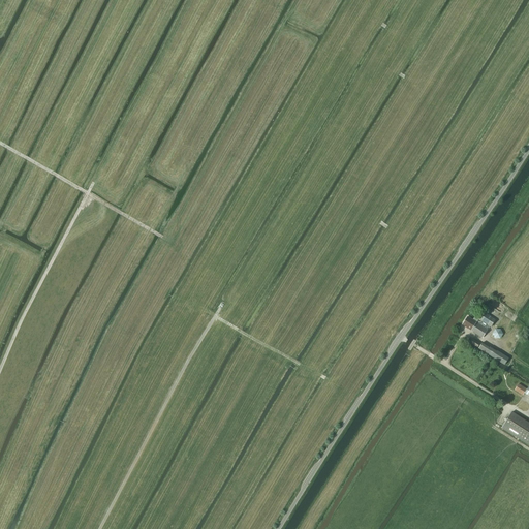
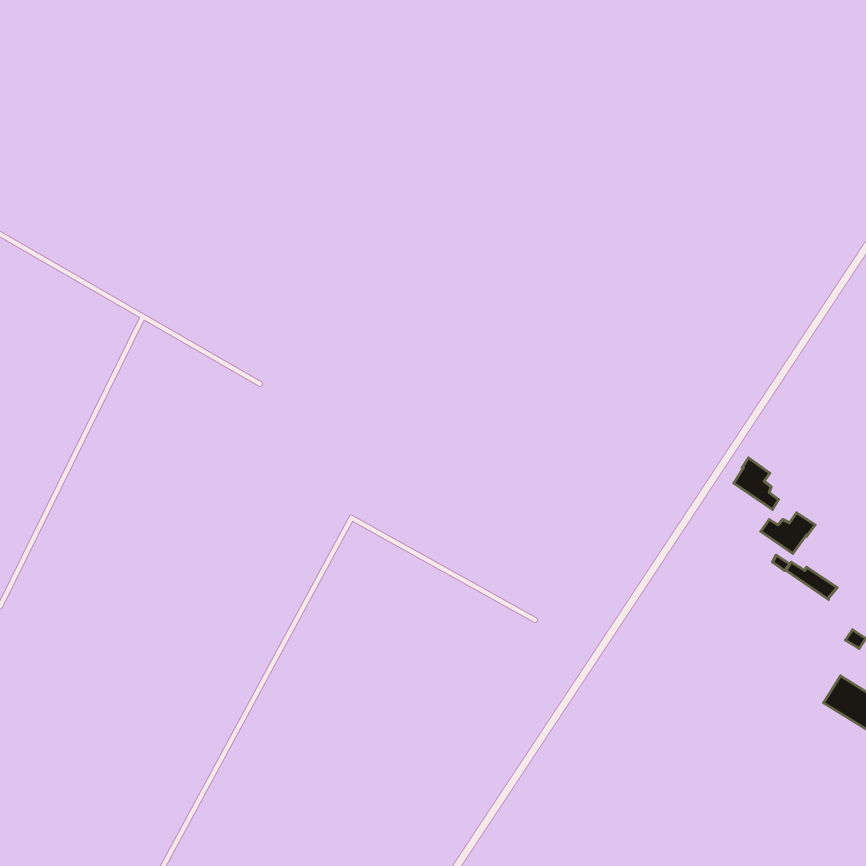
building: none -> [734,458,779,509]

